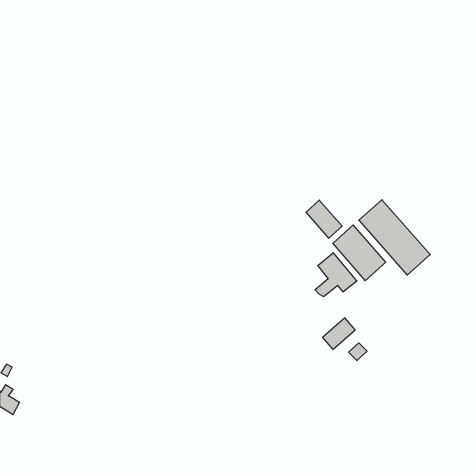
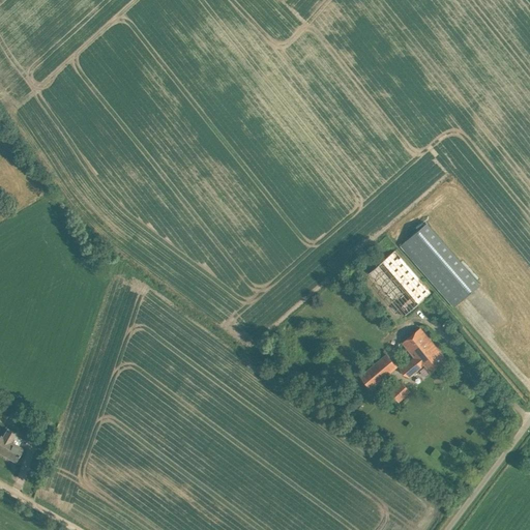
building: [306,200,342,238] -> none
building: [315,253,357,296] -> [399,329,445,378]

